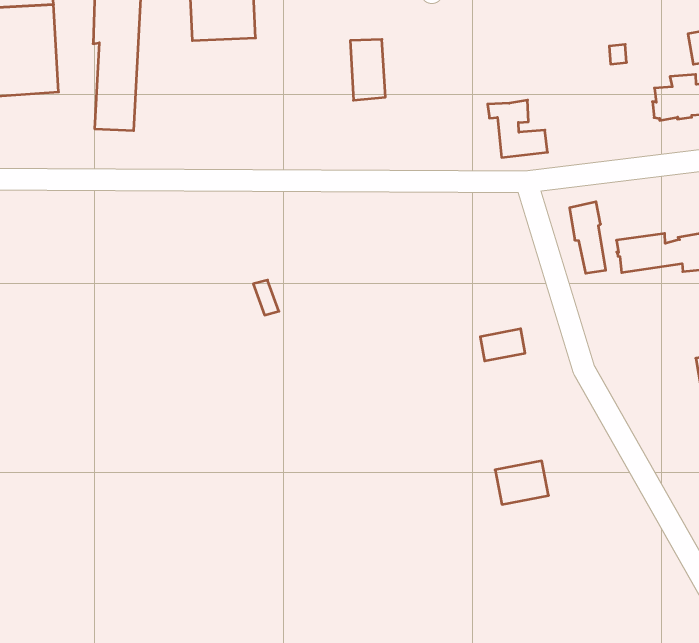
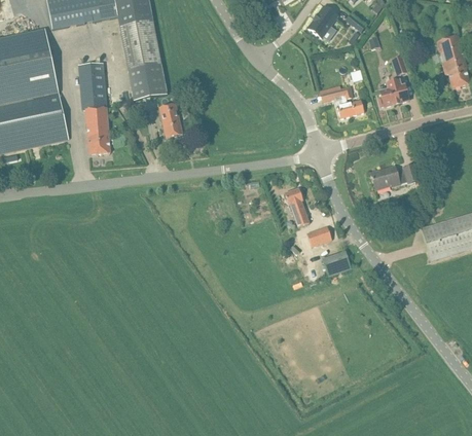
building: [350,39,385,100] -> [159,104,182,138]
building: [488,100,548,157] -> [329,86,364,118]
building: [570,202,606,273] -> [285,188,308,226]
building: [495,461,549,504] -> [322,251,352,277]

